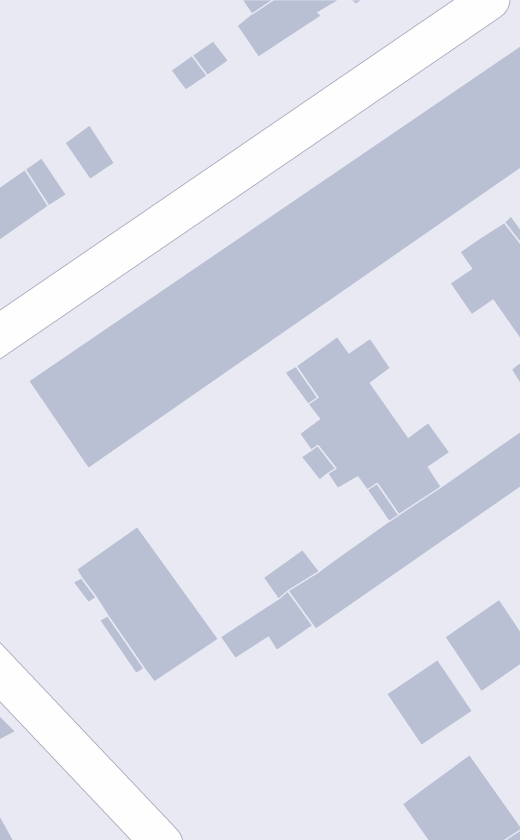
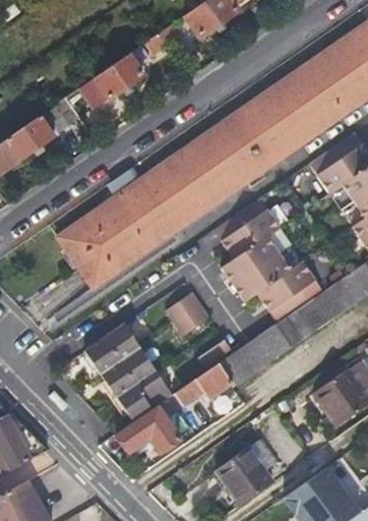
building: none -> [94,55,142,101]
building: none -> [168,293,209,335]
building: none -> [116,404,181,454]
building: [386,660,472,745] -> [218,452,270,505]

